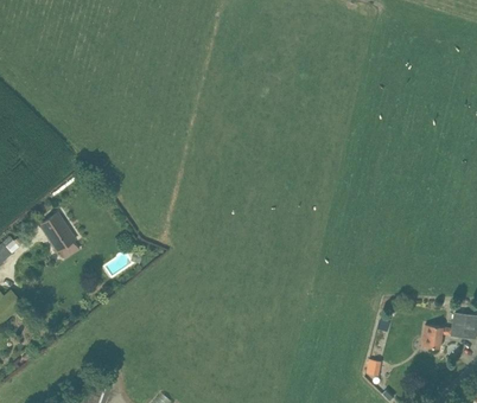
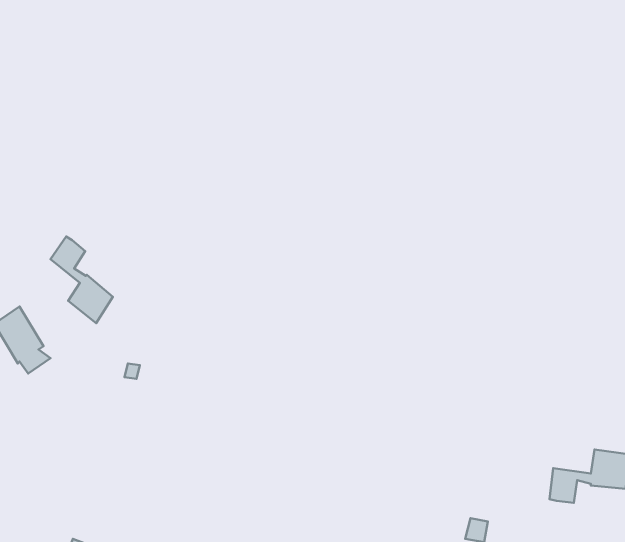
building: none -> [51,236,113,323]

